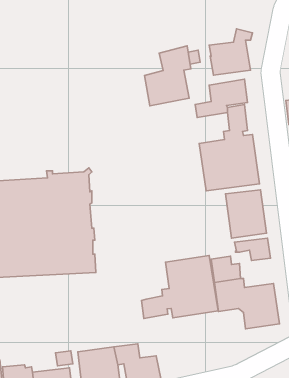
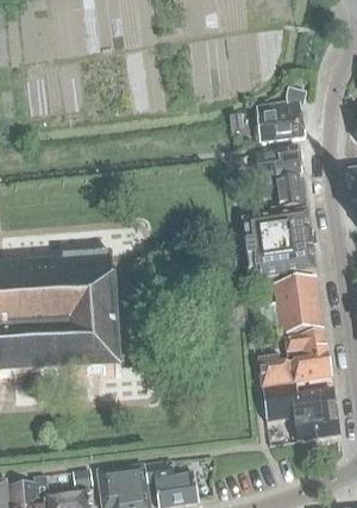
building: [144,46,191,106] -> none
building: none -> [289,347,330,381]
building: [142,256,218,318] -> none

